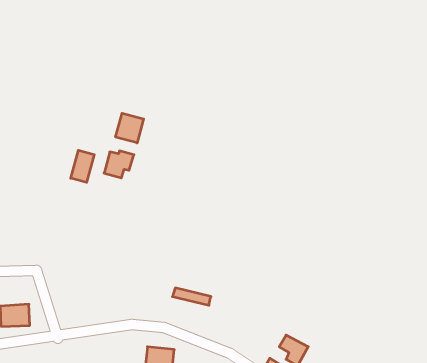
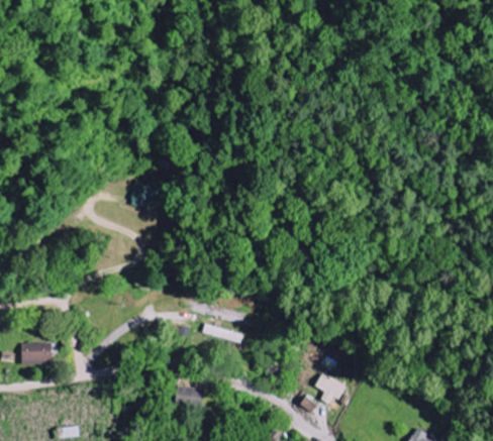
building: [116,113,144,143] -> none
building: [71,150,94,182] -> none

